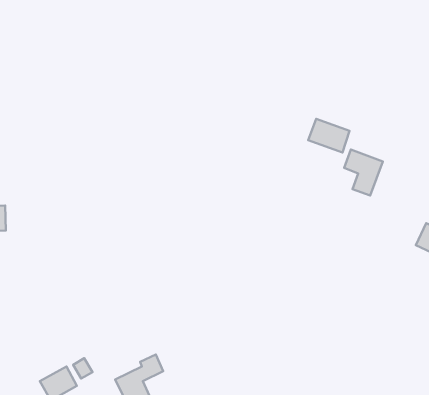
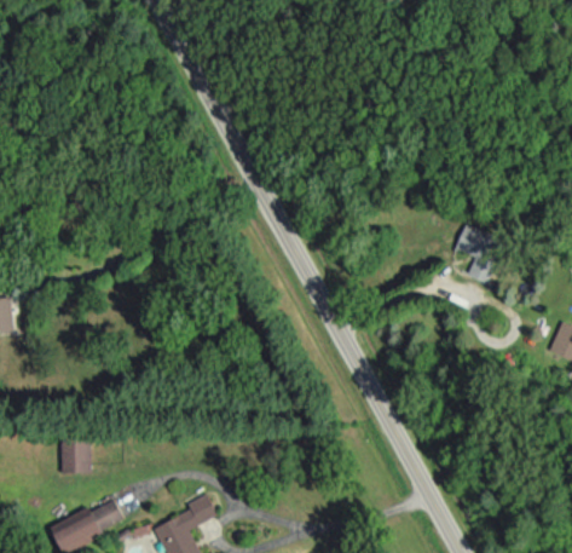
building: [308,119,349,152] -> none
building: none -> [62,439,91,472]

